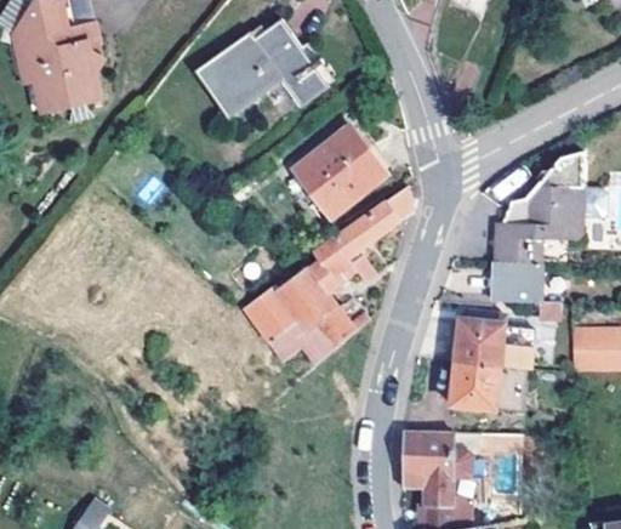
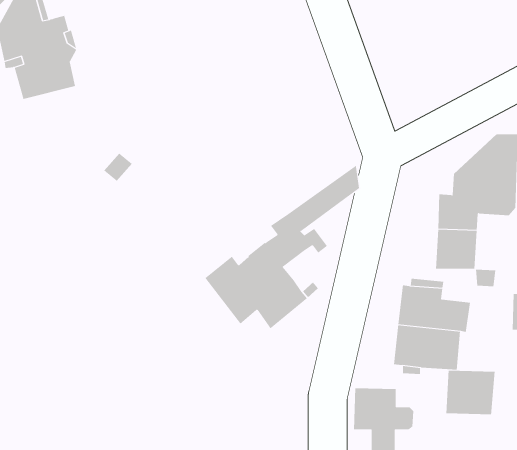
building: [192,18,327,119] -> none
building: [291,129,392,218] -> none
building: none -> [446,370,495,415]

